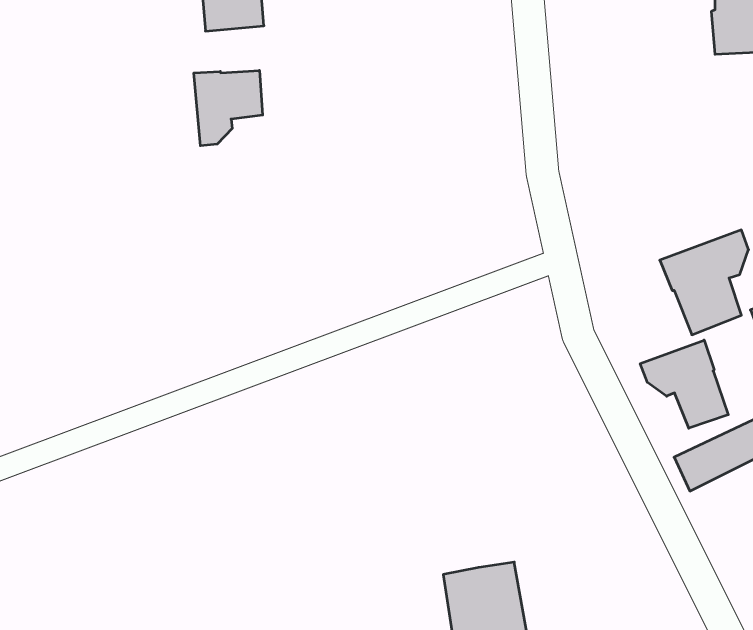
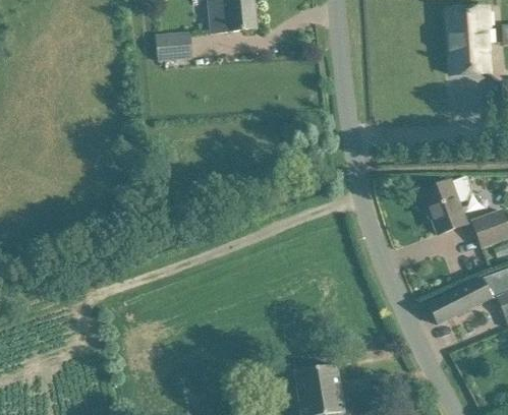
building: [194,70,263,146] -> none
building: [640,340,728,428] -> none

